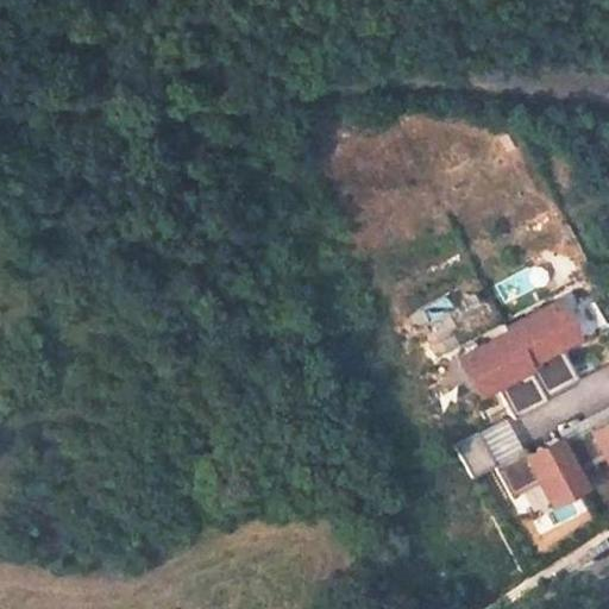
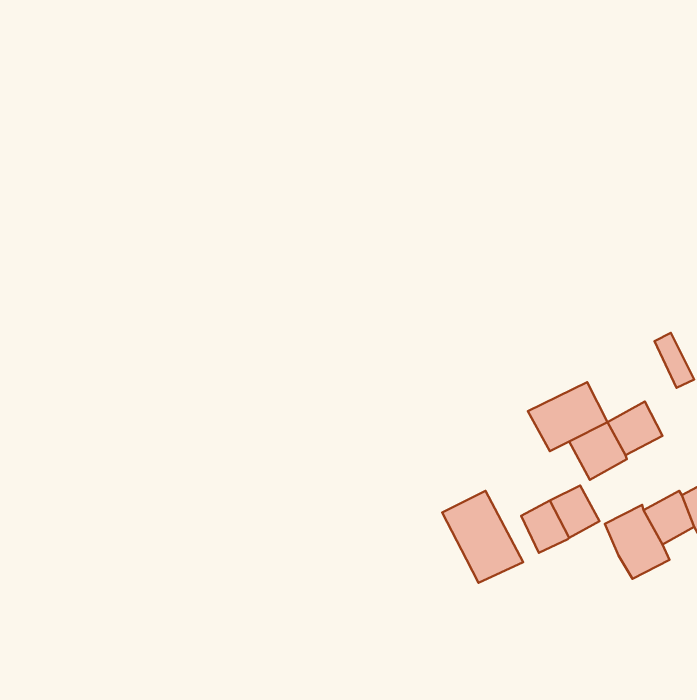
building: [510,303,578,368] -> none
building: none -> [442,491,523,583]
building: [496,452,540,497] -> none

